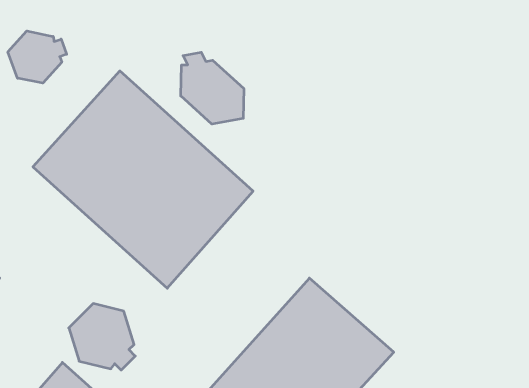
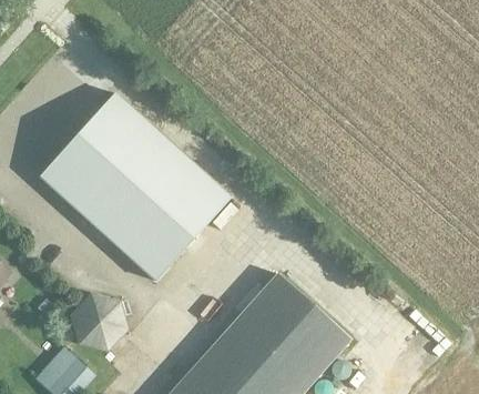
building: [8,31,67,83] -> none
building: [181,52,244,124] -> none

